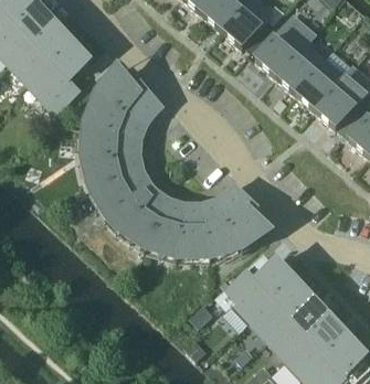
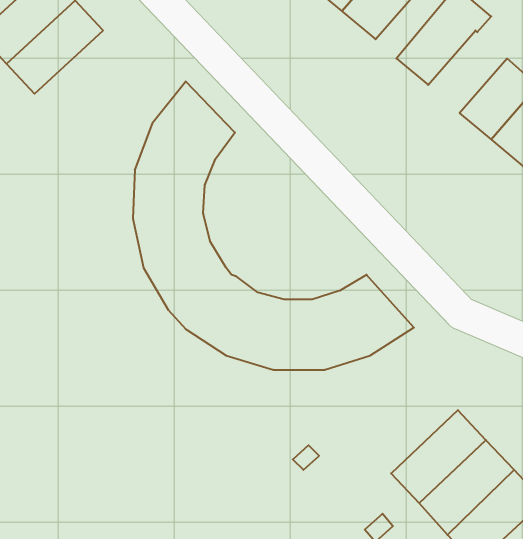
building: [28,41,89,110] -> none
building: [275,41,325,93] -> none
building: [224,249,294,319] -> none

